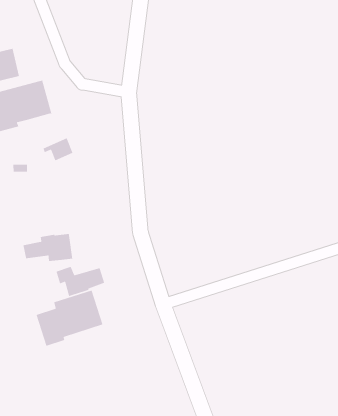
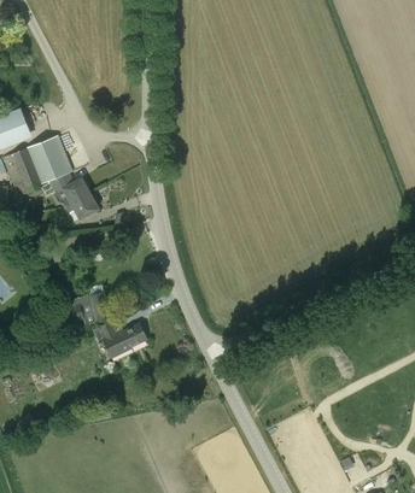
building: none -> [48,171,89,207]
building: [35,290,103,347] -> none

